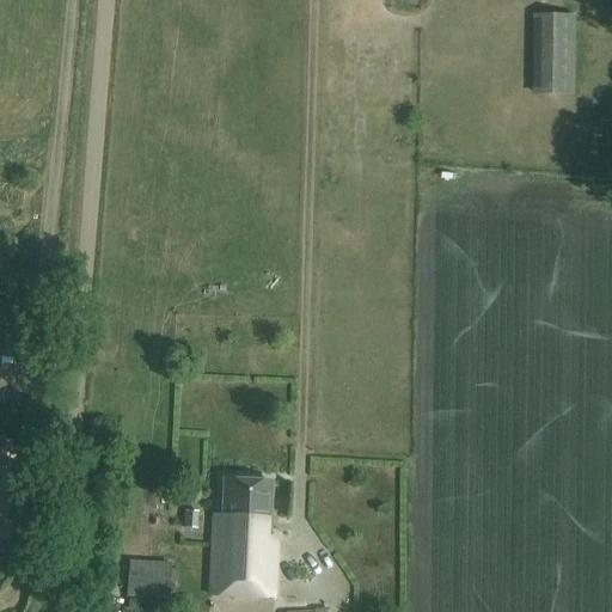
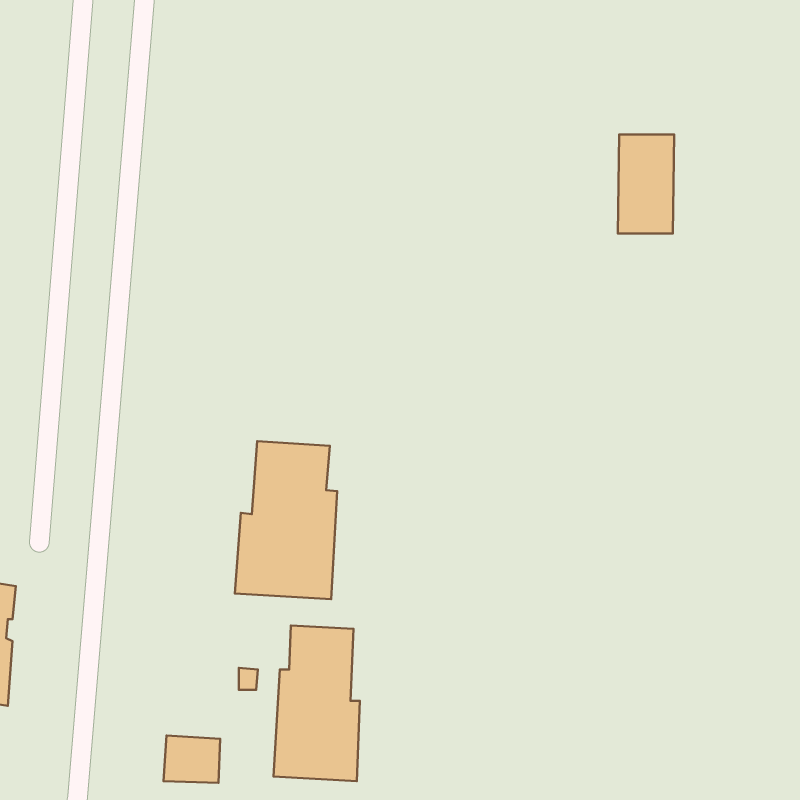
building: [531,14,574,90] -> [618,135,674,234]
building: none -> [235,441,337,599]

